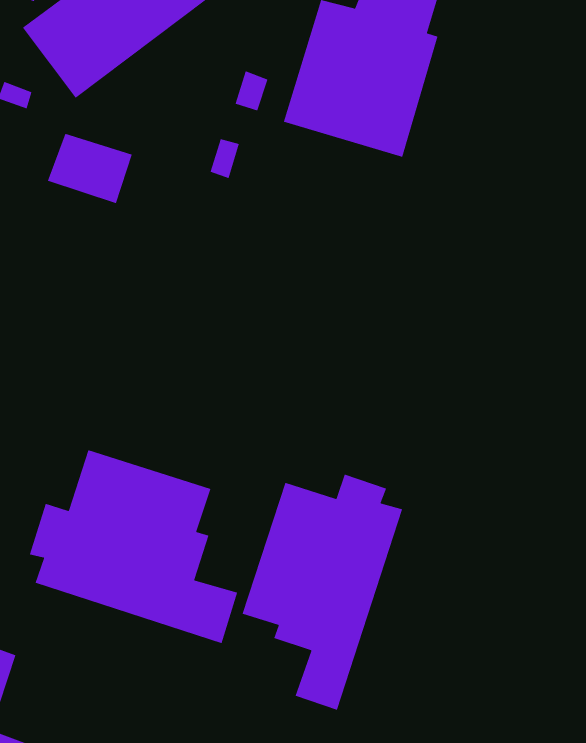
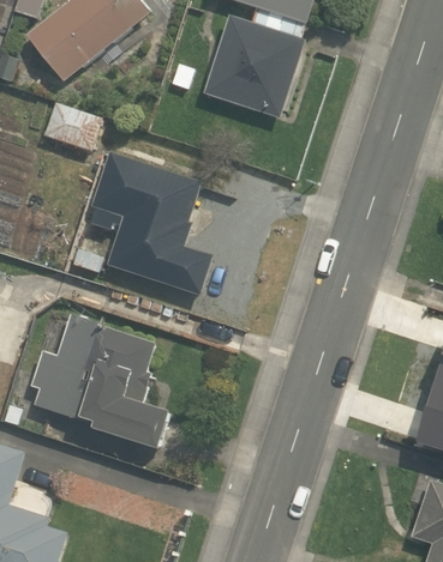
building: none -> [88,153,214,295]
building: [241,473,403,711] -> none

